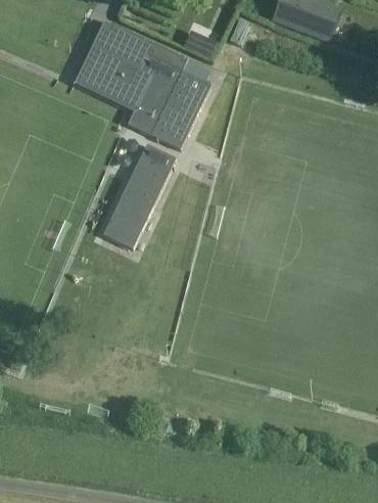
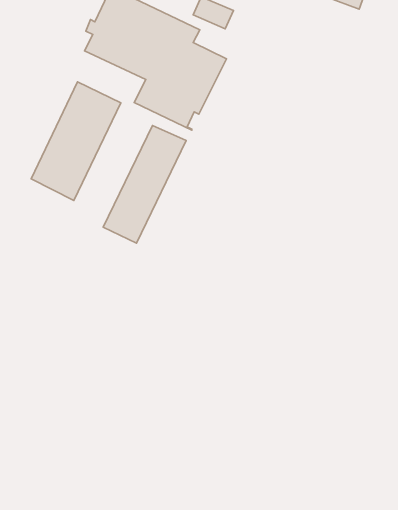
building: none -> [31,82,121,201]

